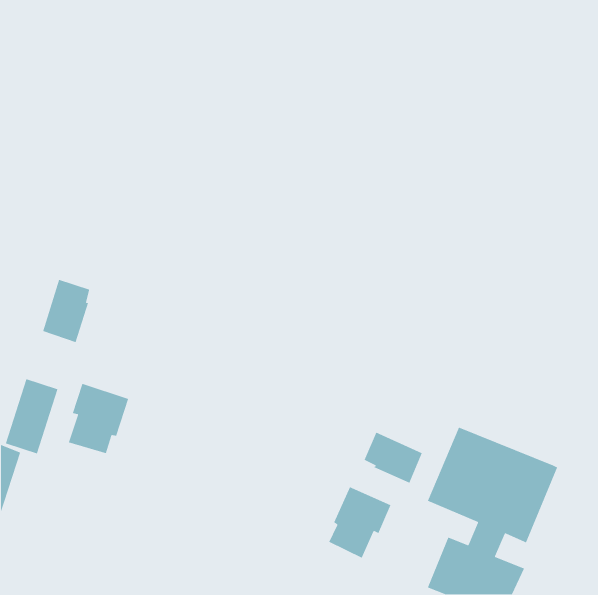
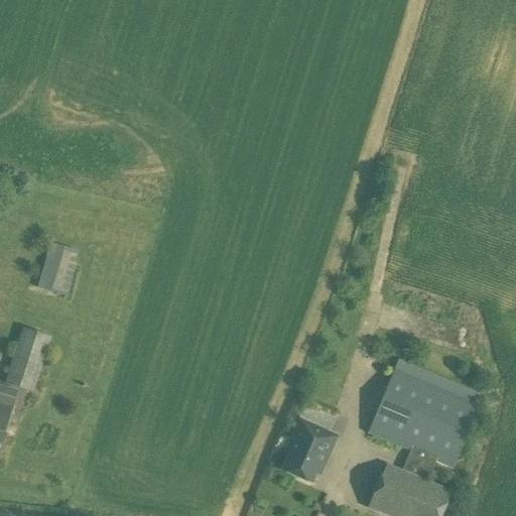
building: [68,383,129,454] -> none
building: [364,432,423,484] -> none

